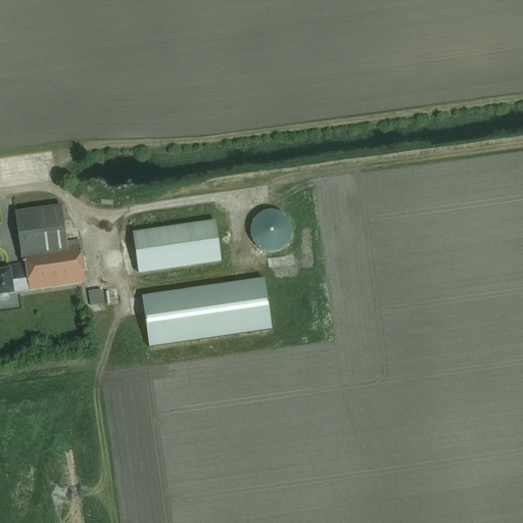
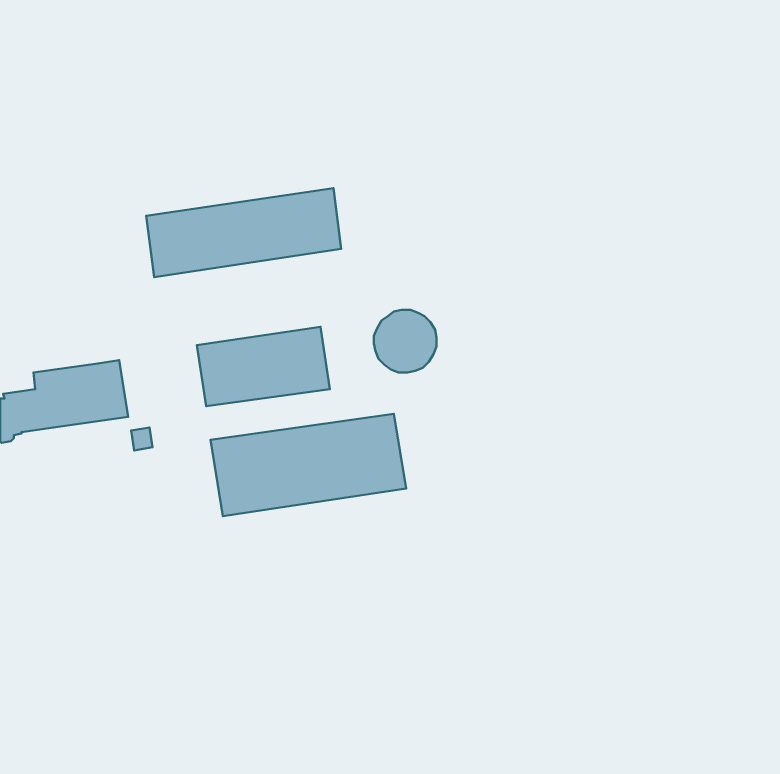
building: none -> [146,188,341,277]
building: [15,198,65,249] -> none

